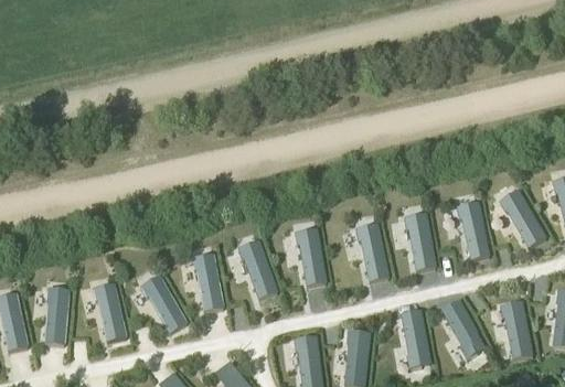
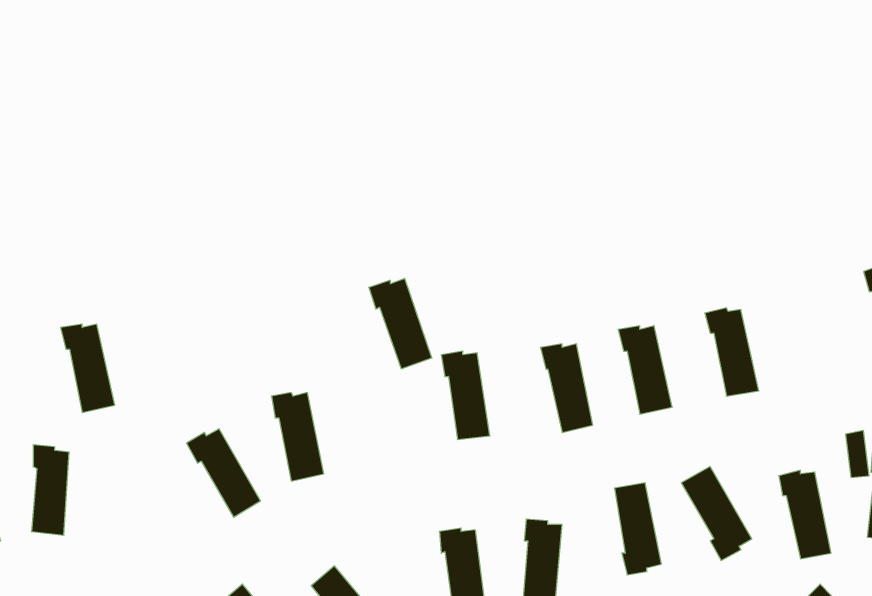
building: [501,192,547,246] -> none
building: [238,243,277,298] -> [369,278,432,369]
building: [93,287,126,341] -> [61,324,115,413]

